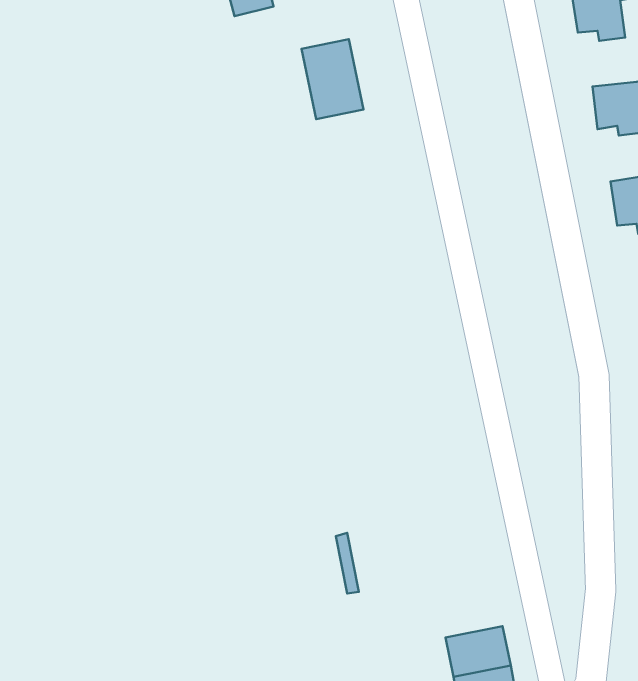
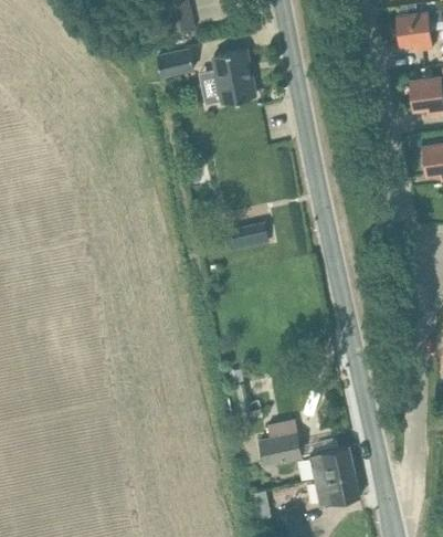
building: none -> [157,50,193,75]
building: none -> [228,224,267,250]
building: none -> [257,432,303,465]

